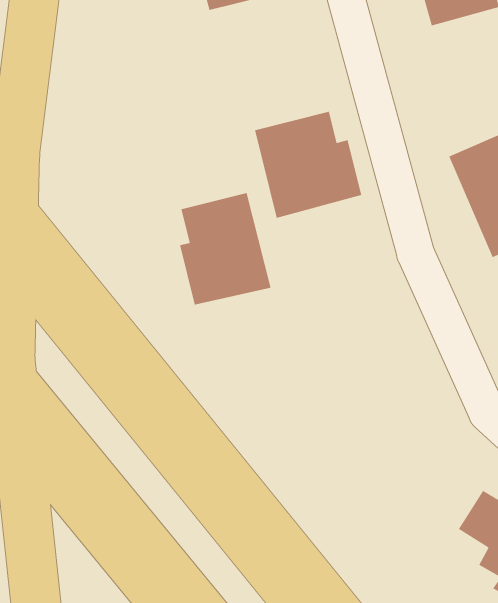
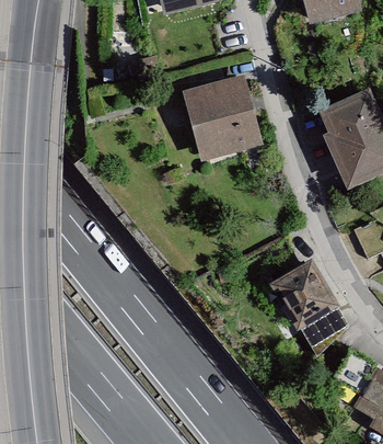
building: [179,192,271,306] -> none
building: none -> [282,271,345,335]

